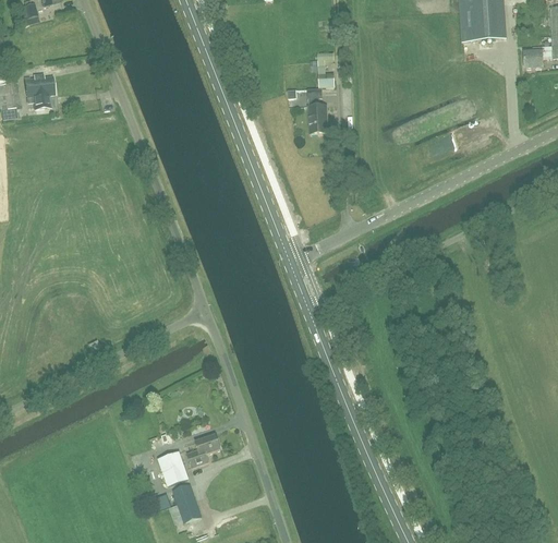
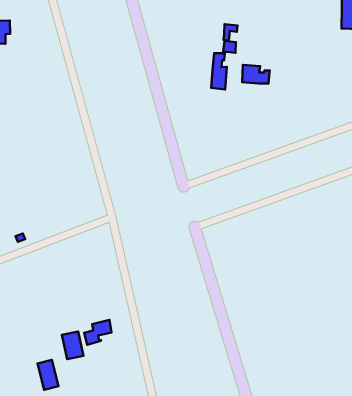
building: none -> [242,65,270,83]
building: [171,482,201,520] -> [37,360,59,390]

